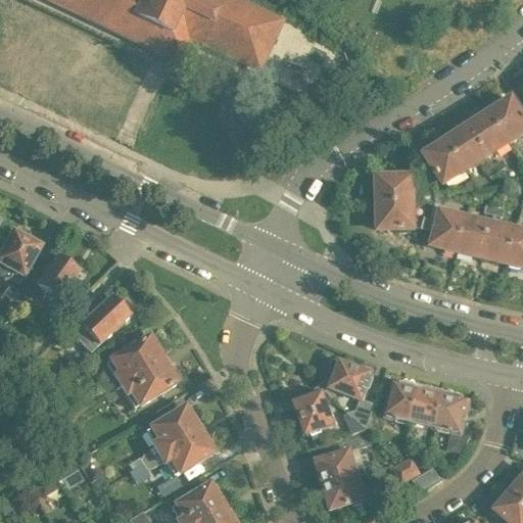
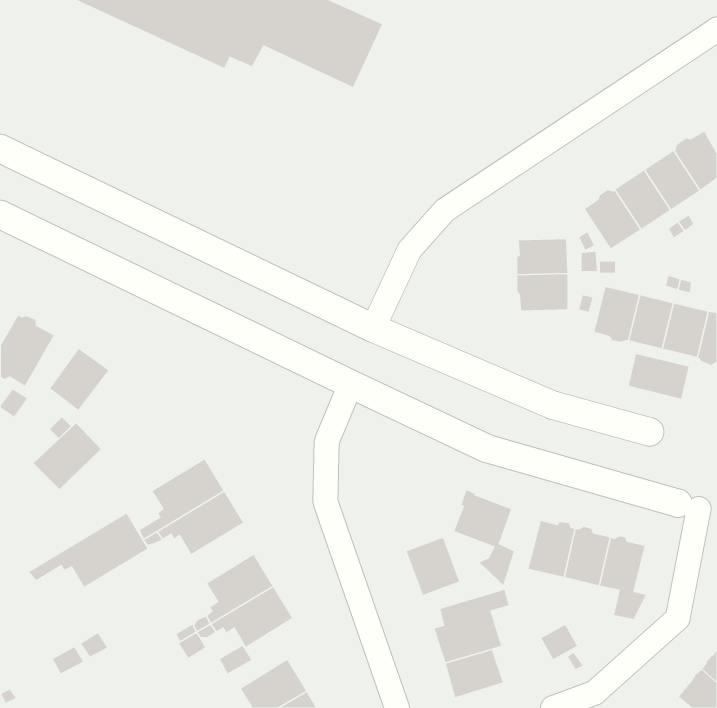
building: none -> [628,353,690,399]
building: [80,293,130,342] -> [33,423,102,490]
building: none -> [28,512,148,588]

